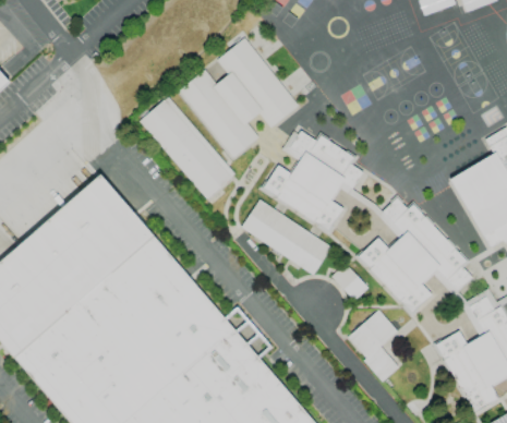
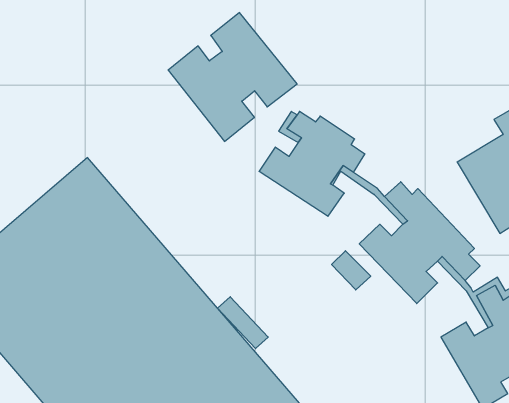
building: [140,98,234,200] -> none
building: [241,200,331,276] -> none
building: [348,311,399,383] -> none

